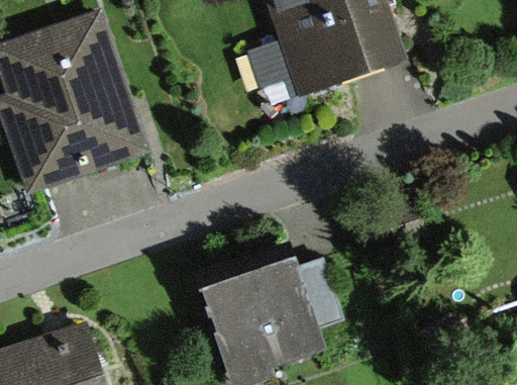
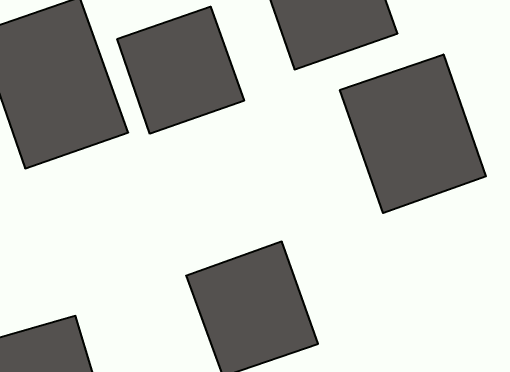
building: none -> [117,7,244,134]
building: none -> [340,54,486,213]

